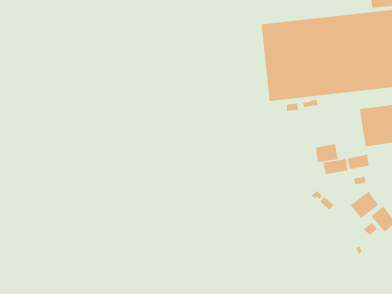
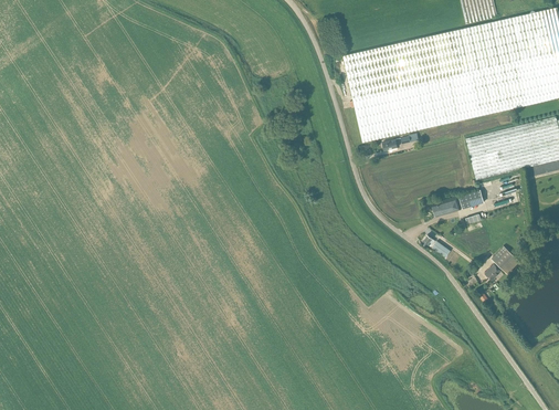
building: [315,143,338,163] -> none
building: [350,191,379,219] -> none

